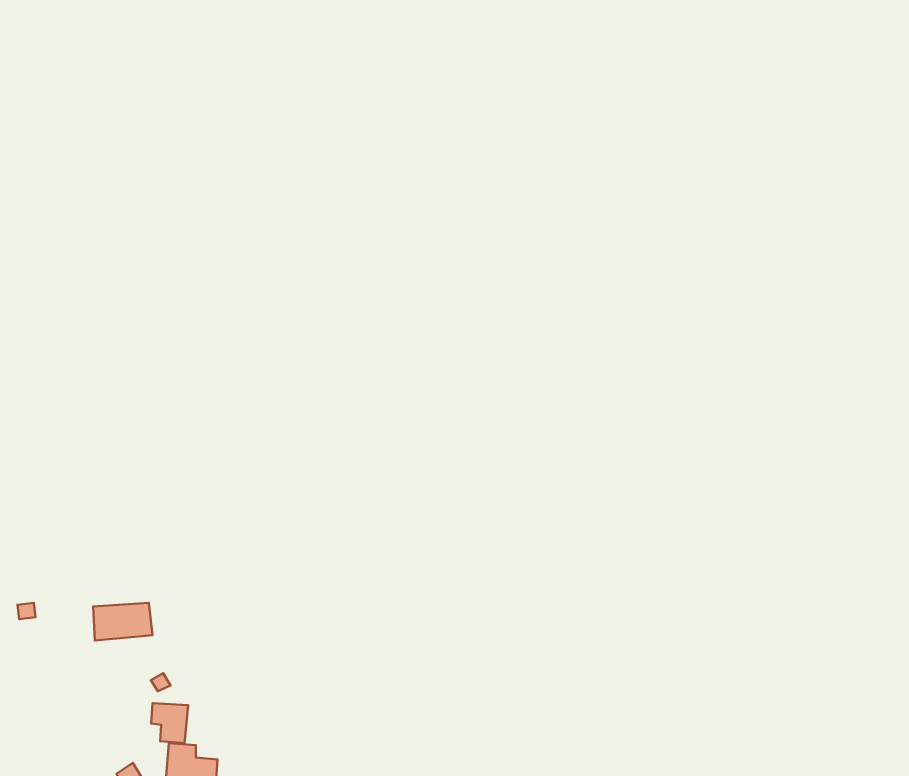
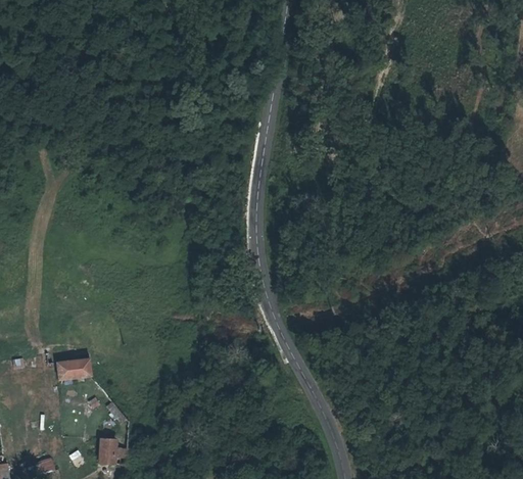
building: [151,703,188,743] -> none

